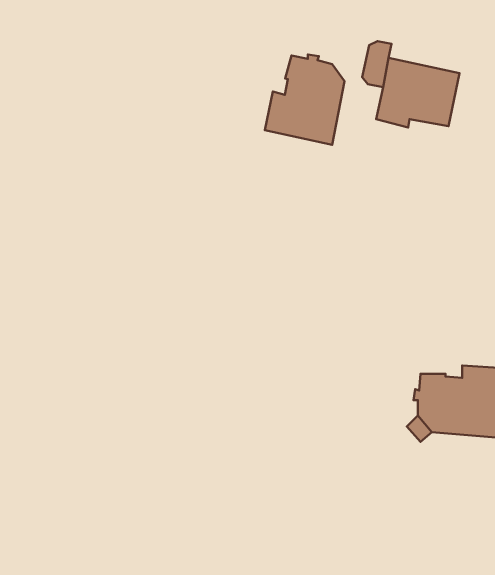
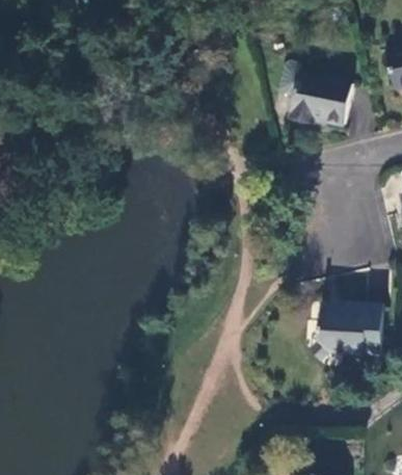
building: [265,55,345,145] -> none

